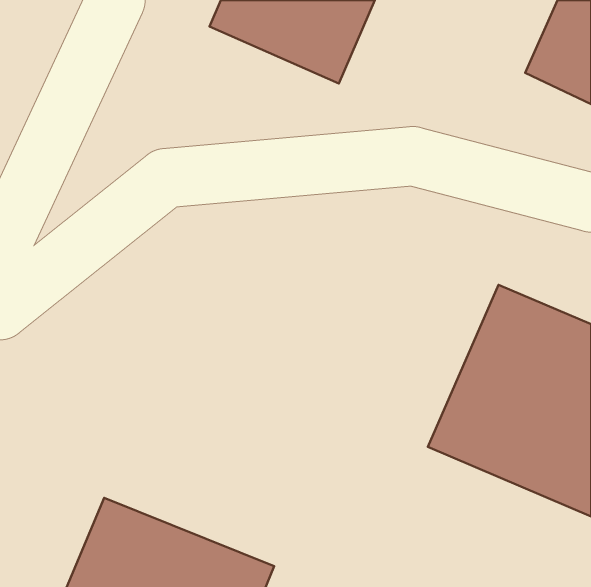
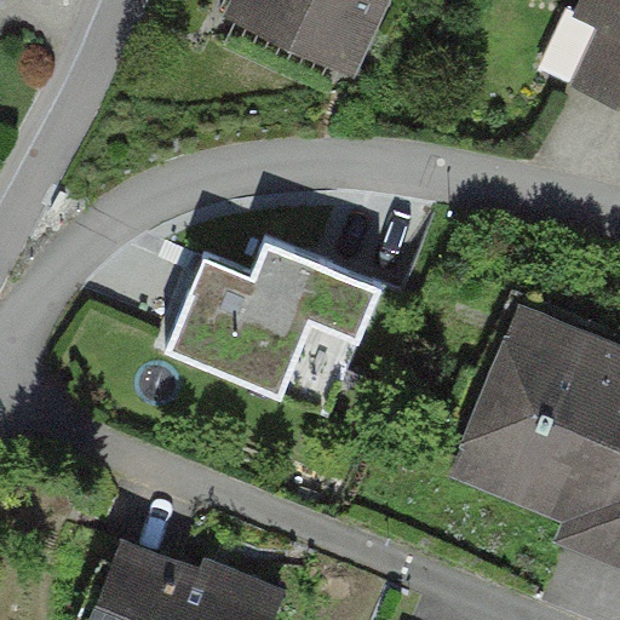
building: none -> [184,218,401,368]

